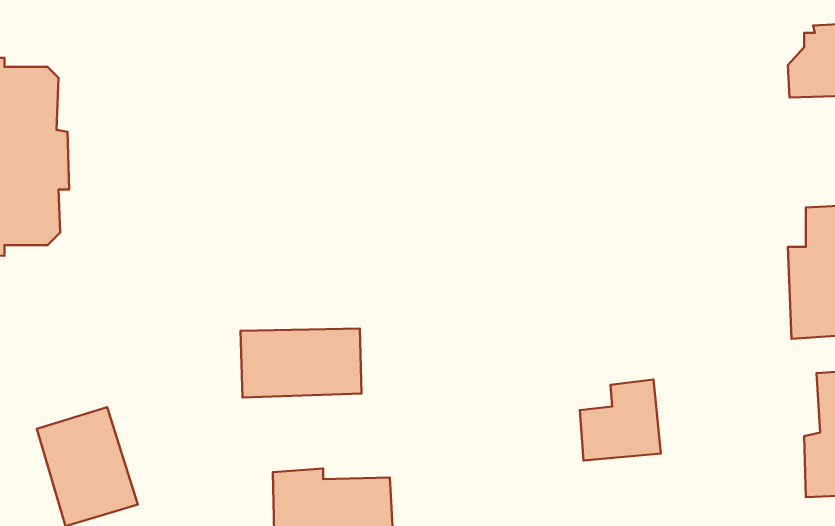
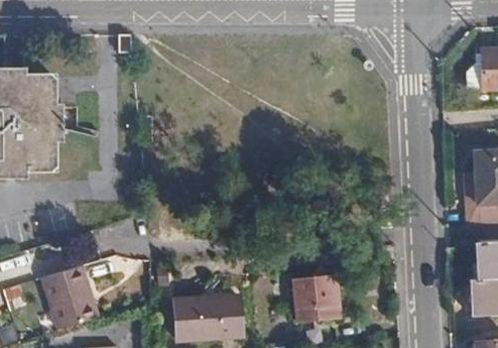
building: [241,328,361,397] -> none
building: [580,380,661,461] -> [294,276,340,322]

